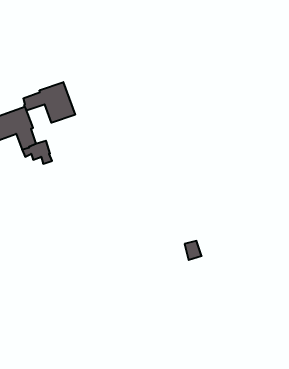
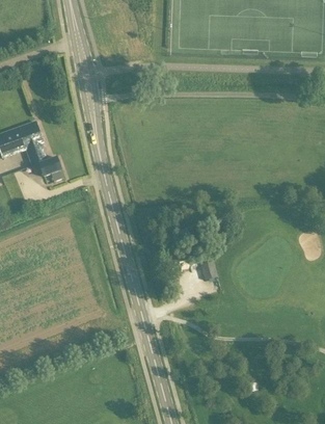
building: [23,82,75,123] -> none

